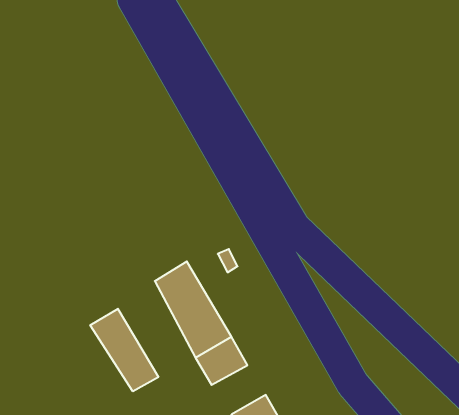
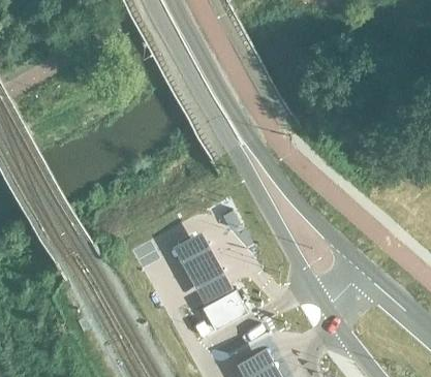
building: [90,309,158,391] -> none

